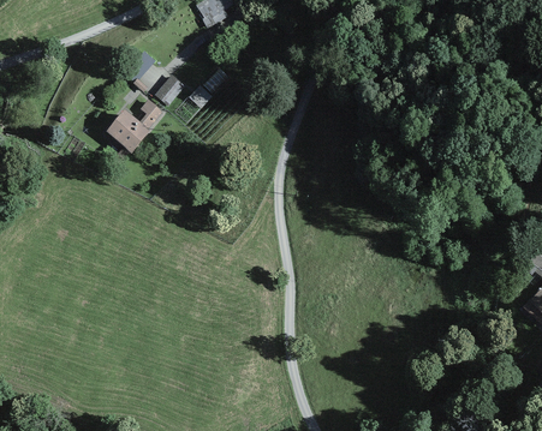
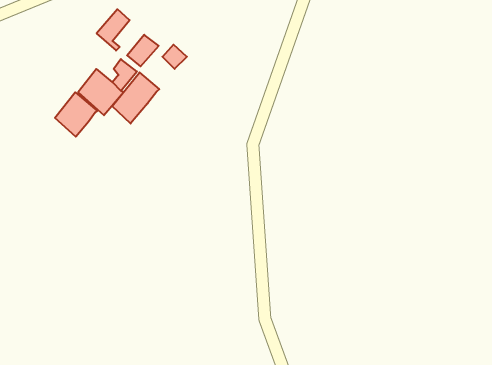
building: none -> [112,72,159,124]
building: none -> [55,92,97,137]

